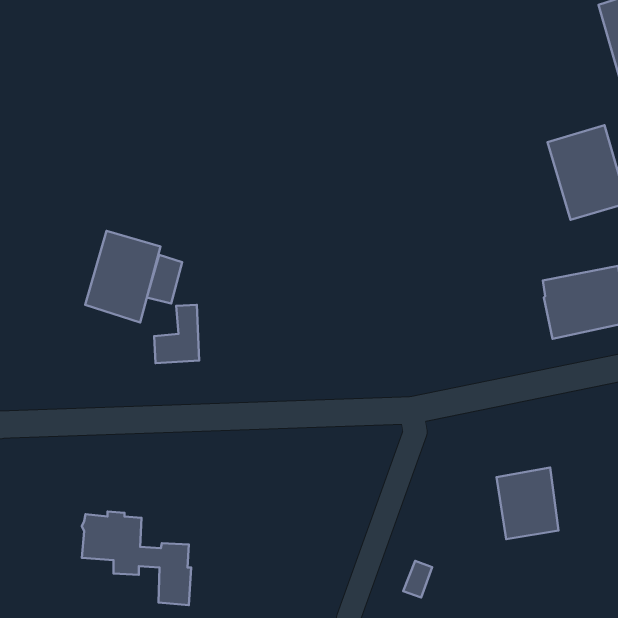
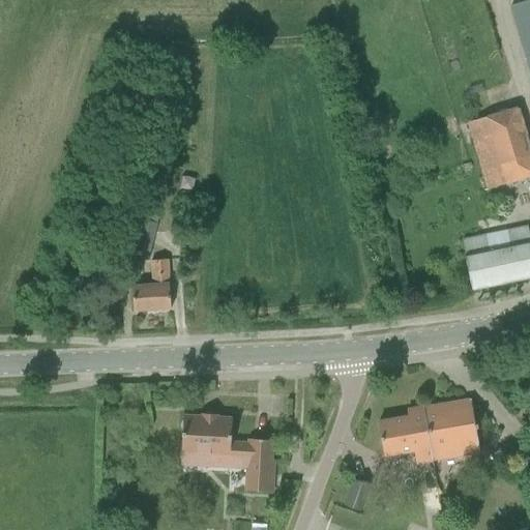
building: [85,231,160,322] -> none
building: none -> [380,407,434,464]
building: [82,512,191,605] -> [182,412,275,492]

